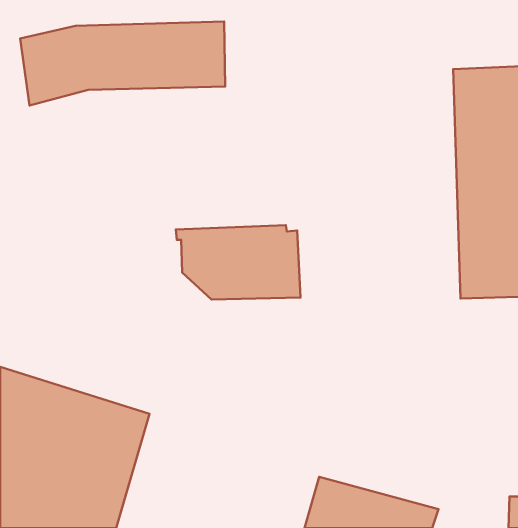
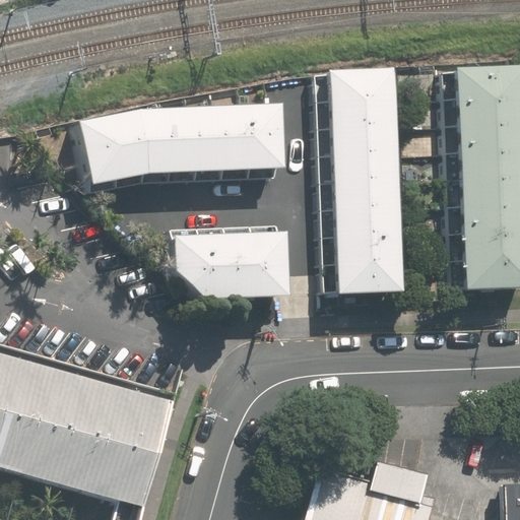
building: [20,22,225,105] -> [84,107,283,188]
building: none -> [328,67,400,292]

